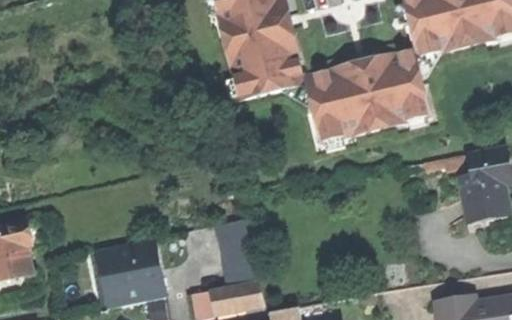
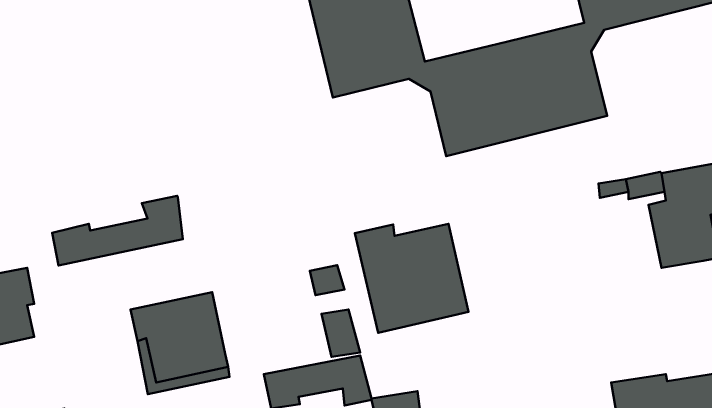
building: none -> [52,196,183,265]
building: none -> [355,224,468,333]

